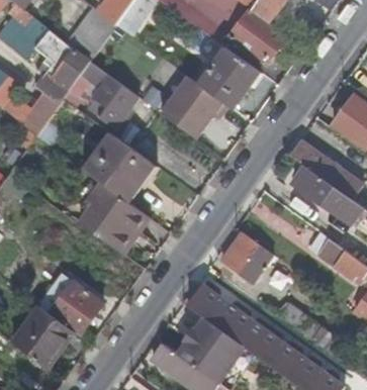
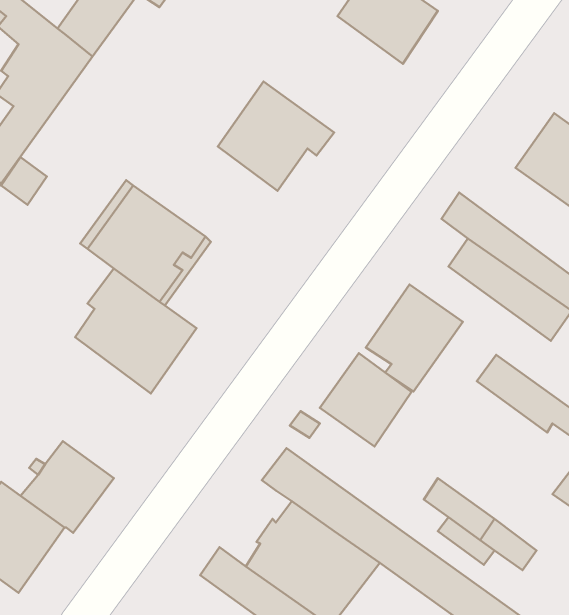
building: [198,47,261,108] -> none
building: [62,62,136,129] -> none
building: none -> [366,284,463,392]

